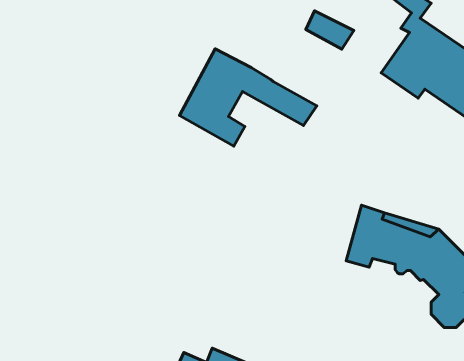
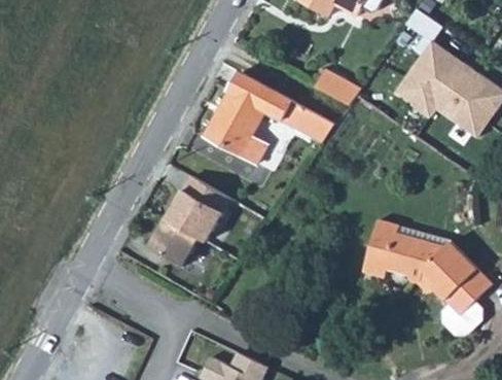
building: [306,11,354,49] -> [316,69,361,105]
building: none -> [146,172,235,268]

